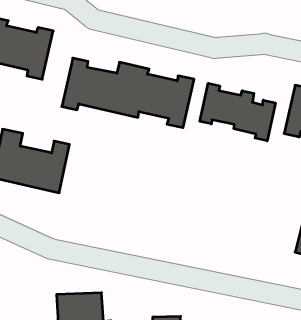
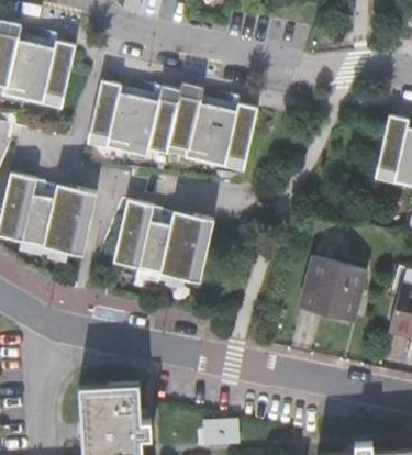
building: [200,83,275,141] -> none
building: none -> [113,199,214,281]
building: none -> [301,258,365,322]

